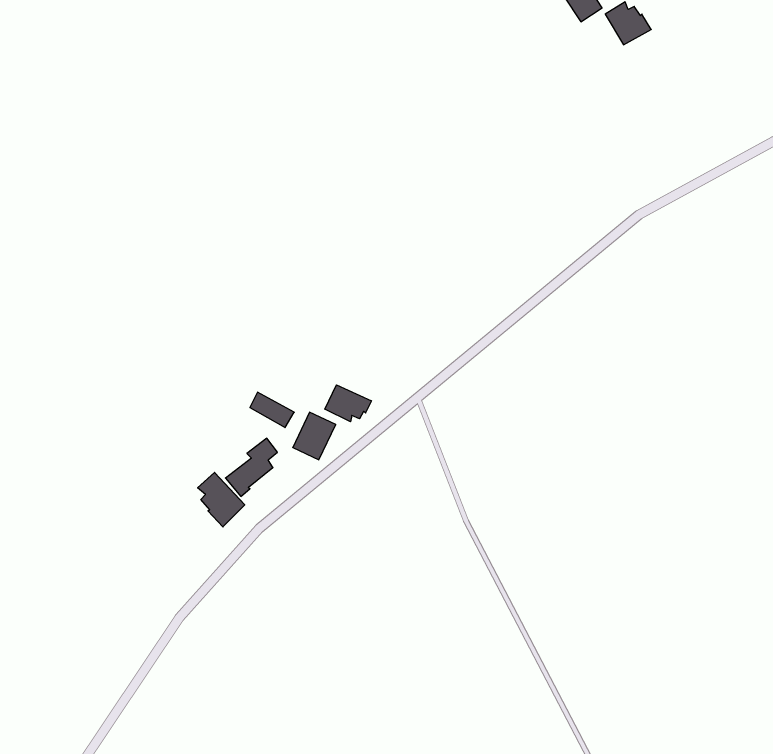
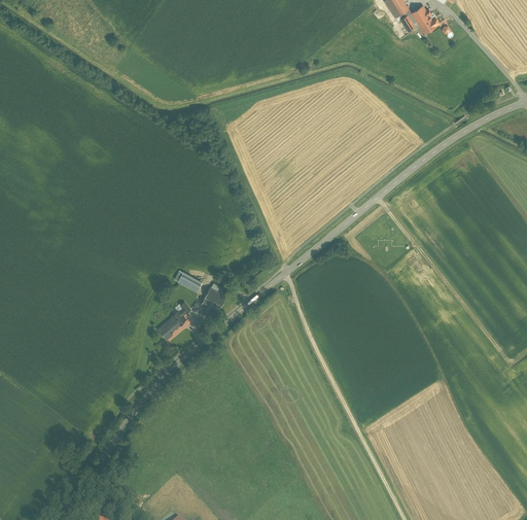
building: [325,385,371,422] -> none
building: [198,472,245,527] -> none

